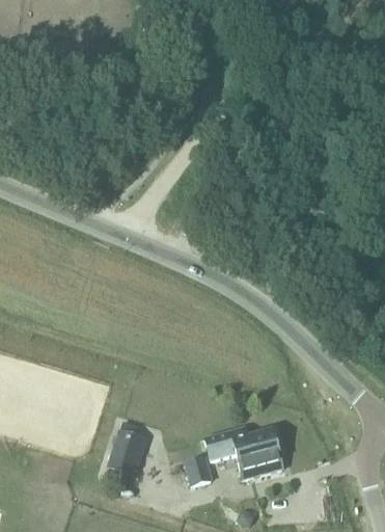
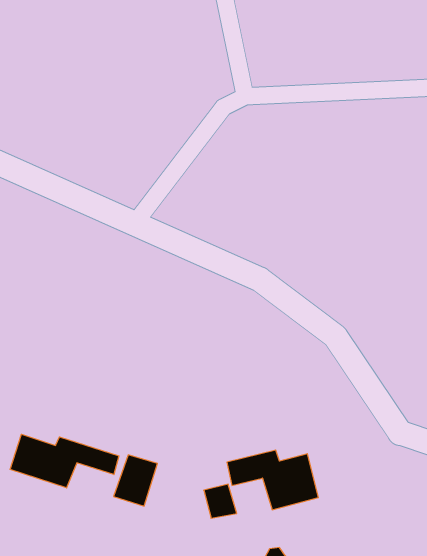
building: none -> [10,434,119,488]

